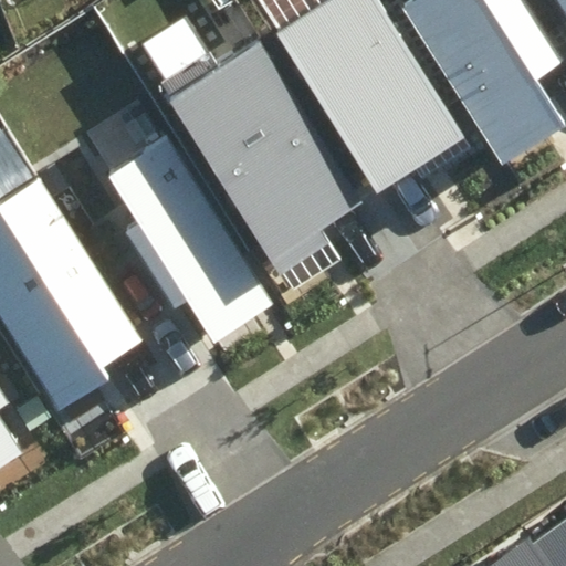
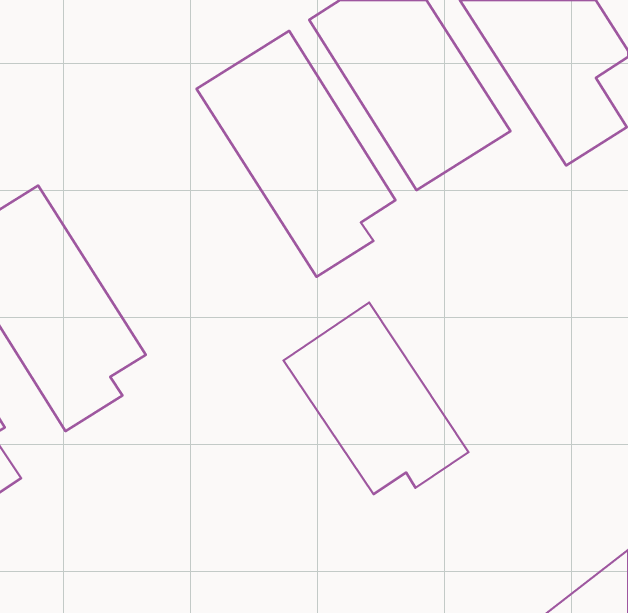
building: [109,142,263,336] -> none
building: none -> [283,302,468,494]

